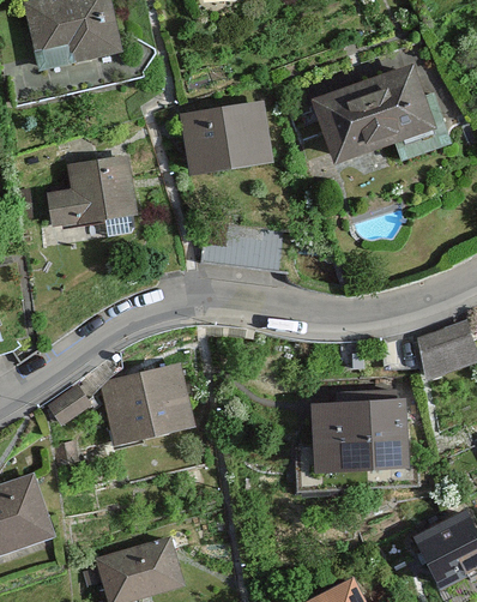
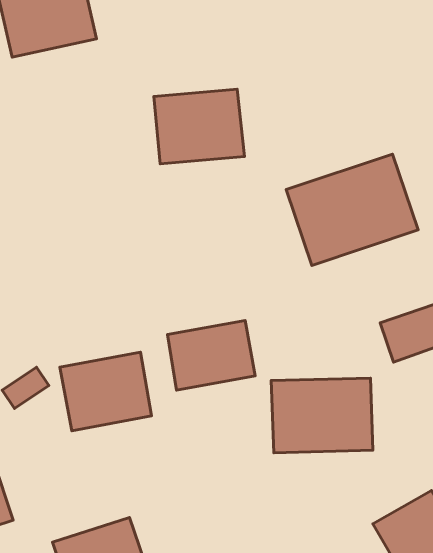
building: [322,67,452,176] -> [286,154,418,265]
building: [50,165,145,237] -> none
building: none -> [168,320,255,390]

